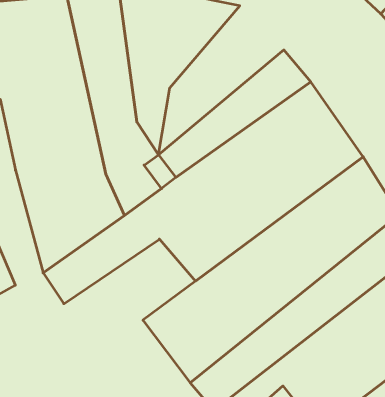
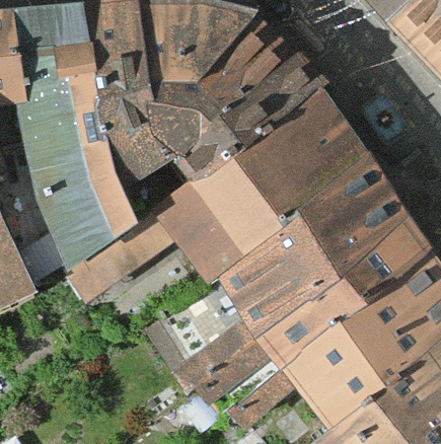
building: none -> [175,11,299,158]

